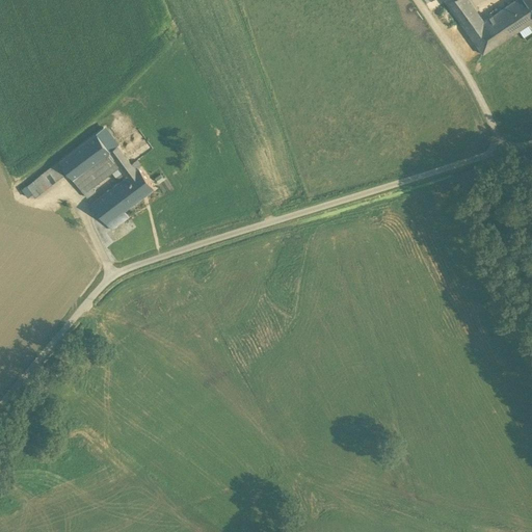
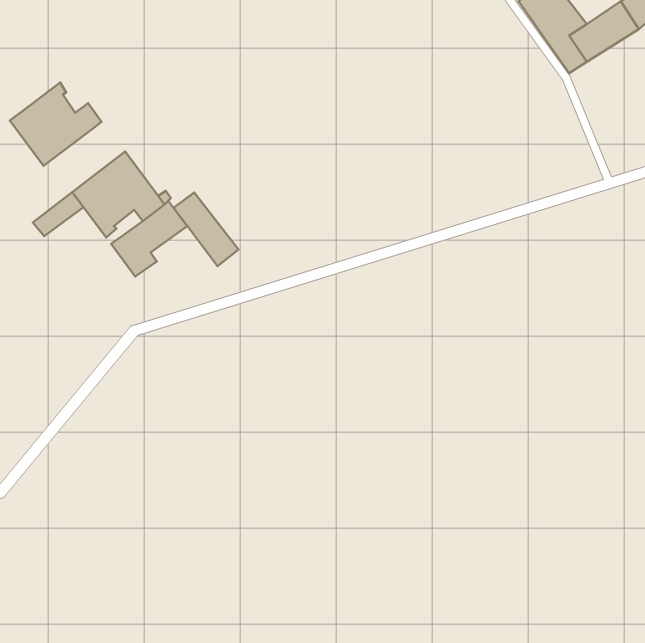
building: none -> [10,83,102,166]
building: none -> [173,192,239,266]

